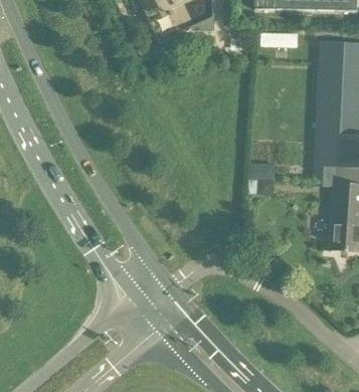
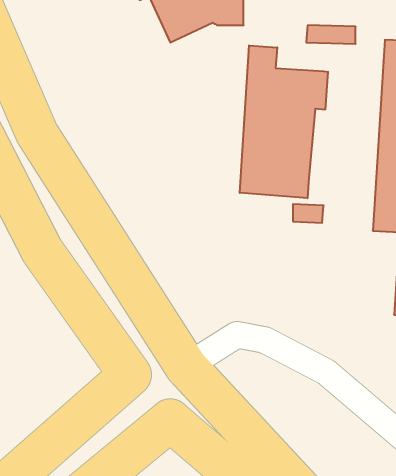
building: none -> [240,45,328,198]

